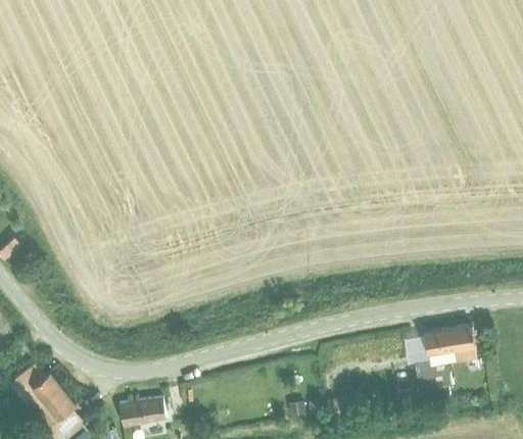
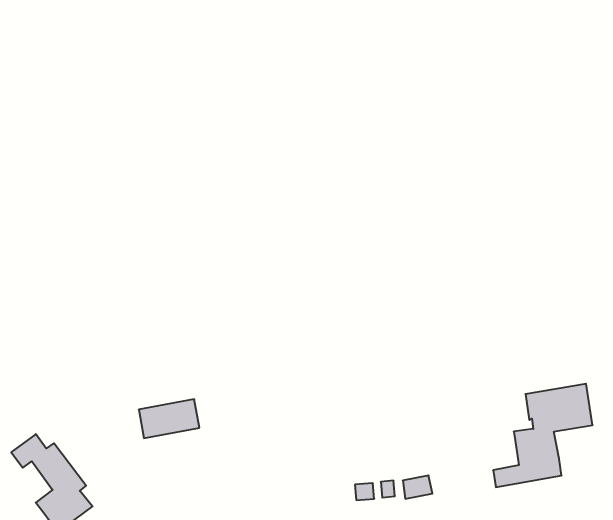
building: [117,395,165,426] -> [139,399,199,438]

